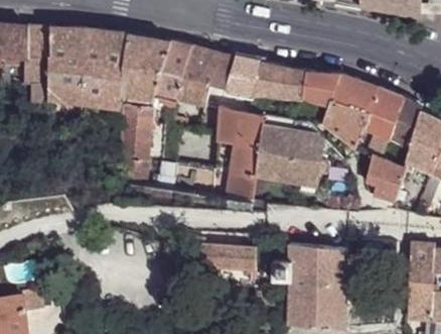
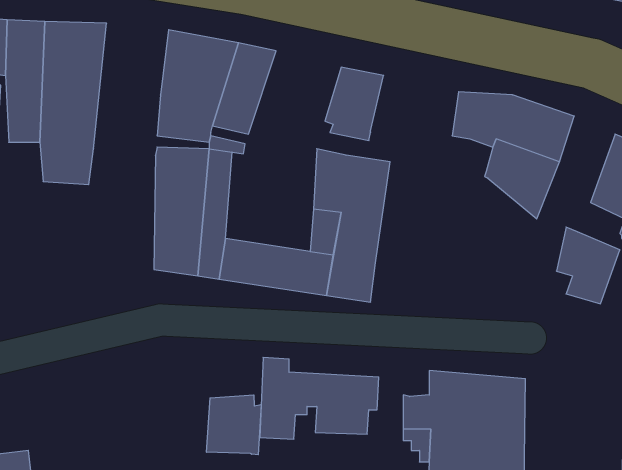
building: [82,29,128,111] -> none
building: [176,46,235,107] -> none
building: [253,62,307,105] -> none
building: [363,87,404,158] -> none
building: [256,115,327,186] -> none
building: none -> [207,395,261,455]

